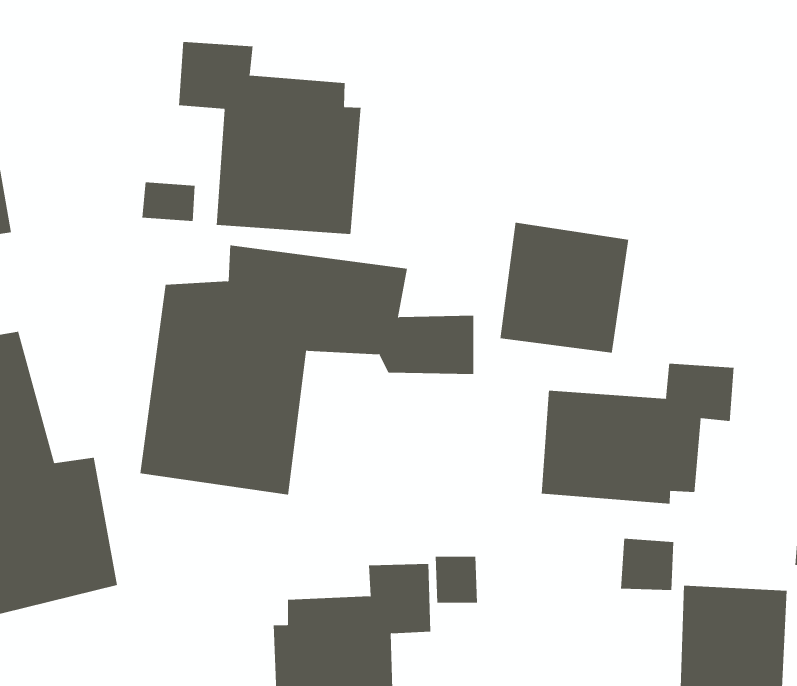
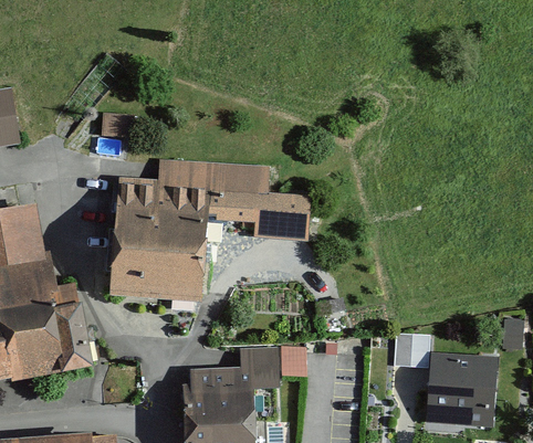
building: [179,41,361,235] -> none
building: [500,222,629,354] -> none
building: [541,363,734,504] -> none

